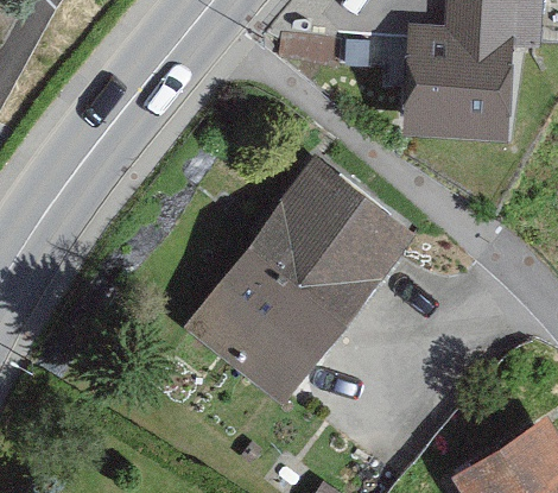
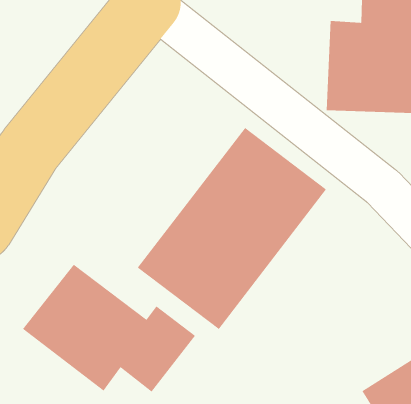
building: none -> [22,264,196,392]

